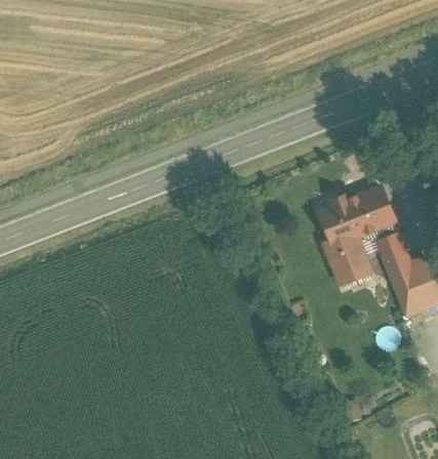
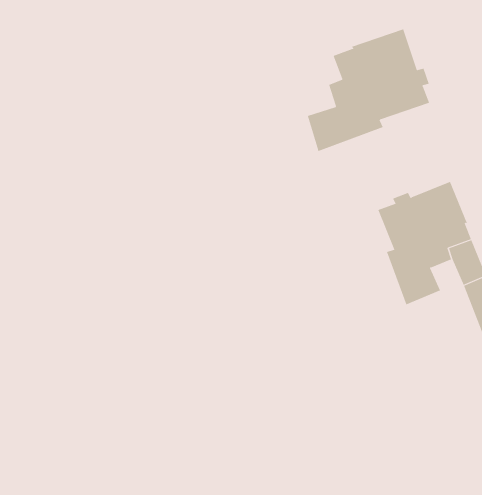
building: none -> [307,29,430,152]

